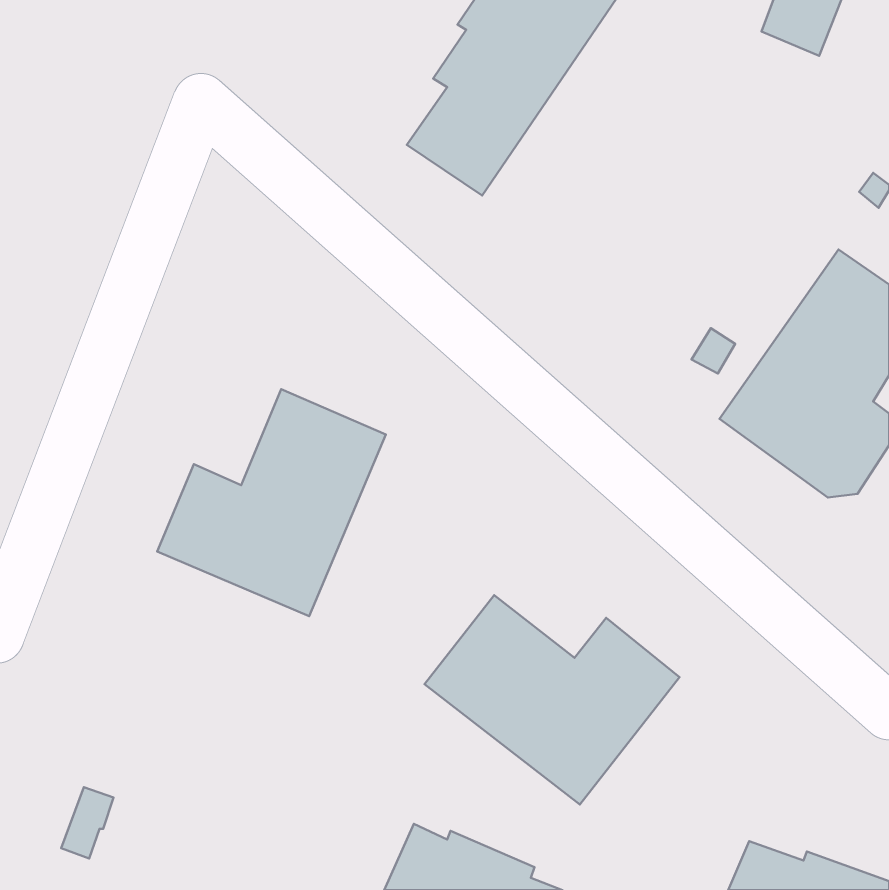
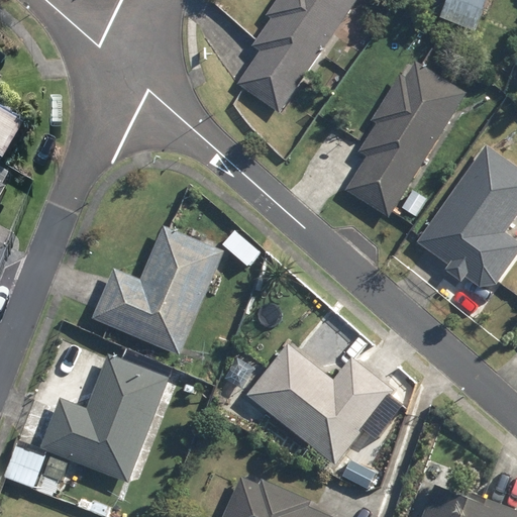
building: none -> [345,61,467,216]
building: none -> [43,351,173,481]

